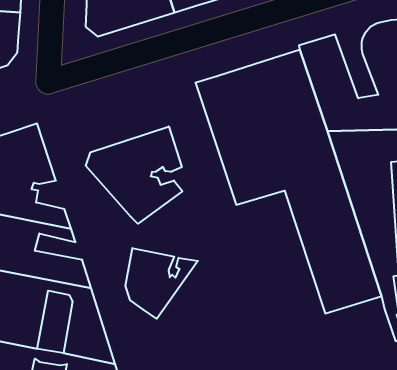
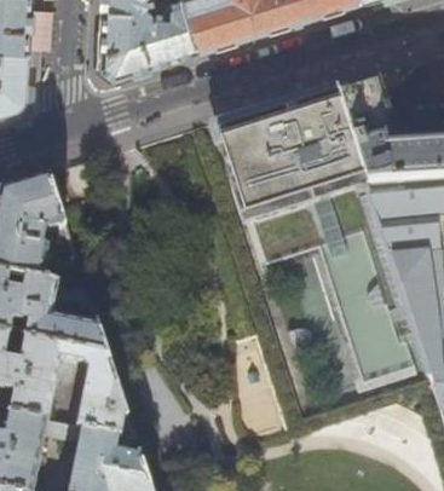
building: [86,126,182,224] -> none
building: [125,248,198,319] -> none

